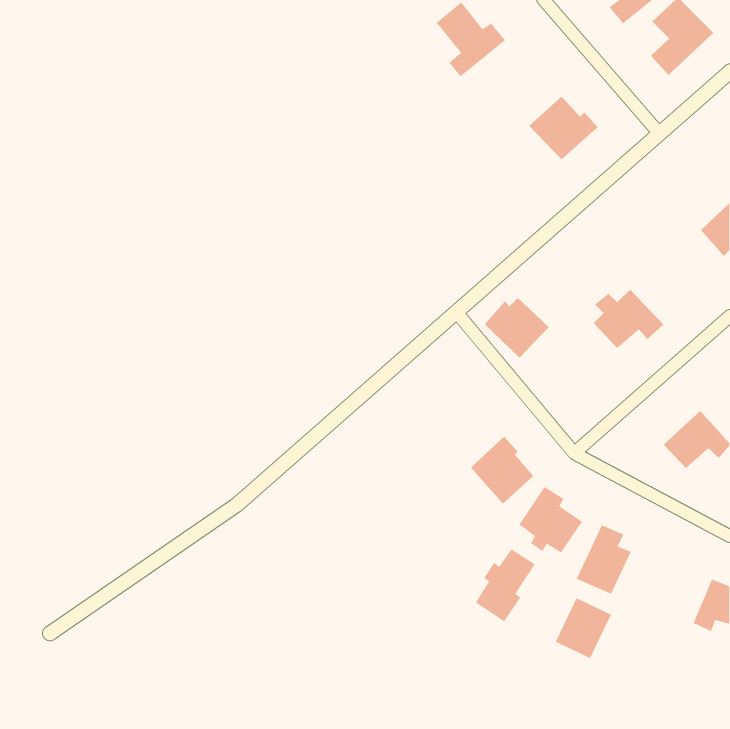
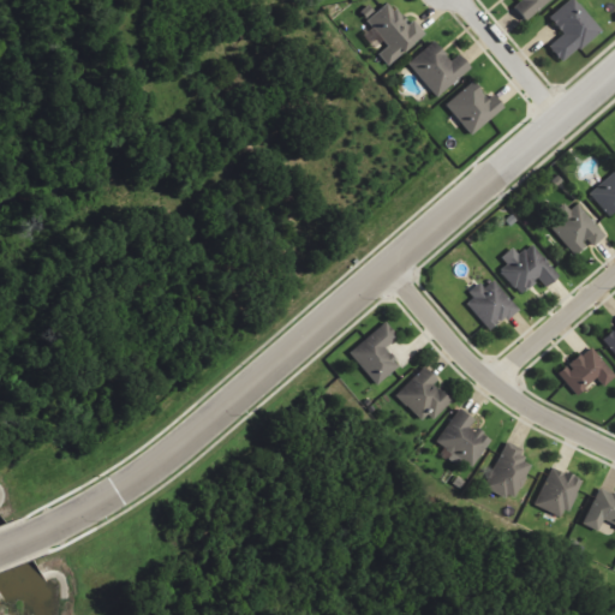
building: none -> [406,41,470,97]
building: none -> [550,202,605,253]
building: [484,297,549,358] -> [462,280,518,332]
building: none -> [348,321,399,384]
building: [475,548,535,622] -> none
building: [555,597,612,659] -> [533,466,581,518]

